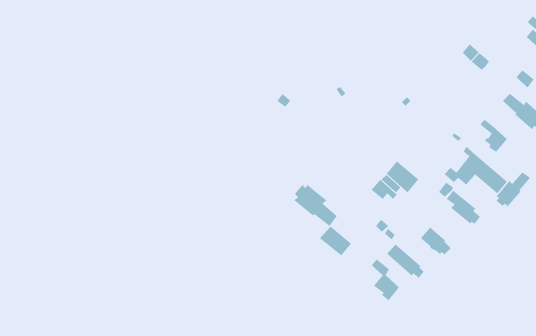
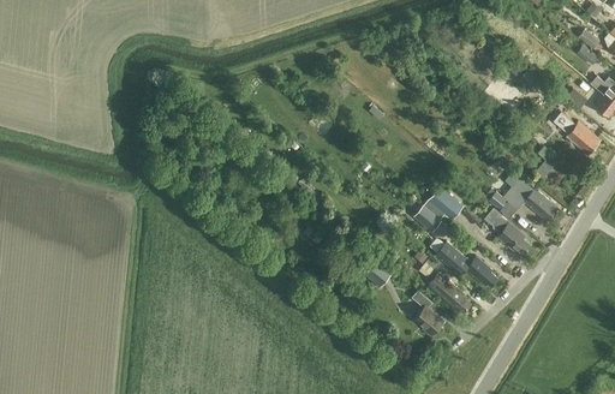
building: [495,171,531,207] -> none
building: [294,184,337,227] -> none
building: none -> [434,241,471,276]

